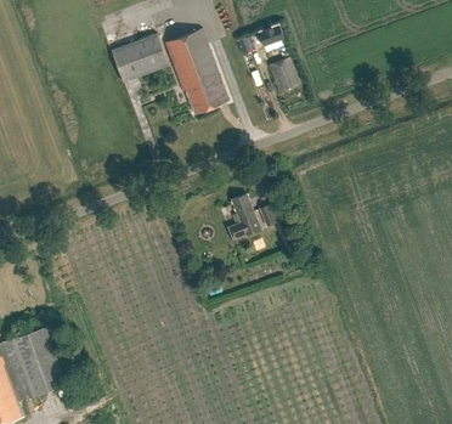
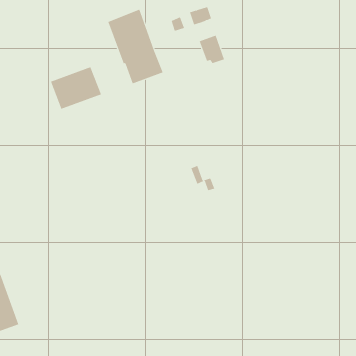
building: [111,33,169,81] -> [50,67,102,110]
building: [227,193,259,238] -> none

